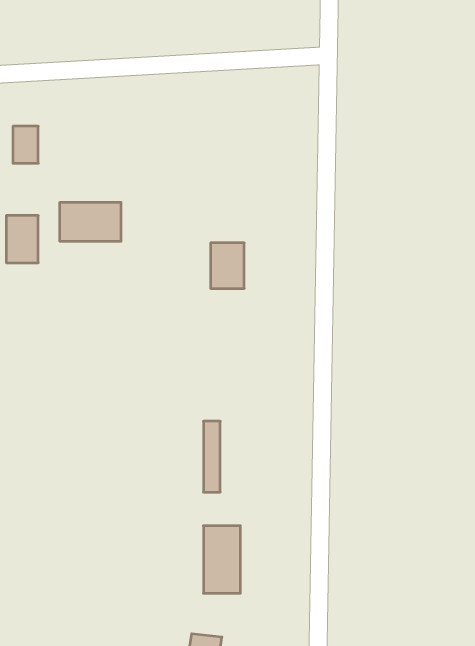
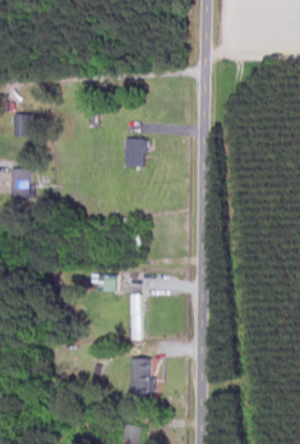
building: [60,202,121,241] -> none
building: [211,243,244,288] -> [125,139,145,167]

